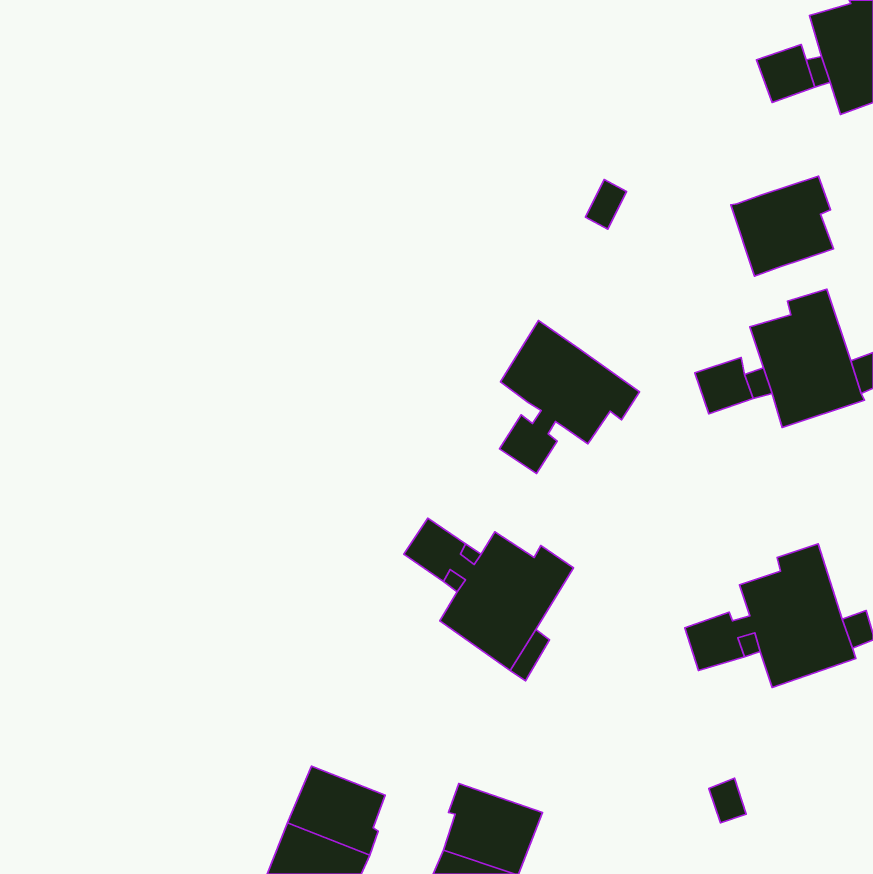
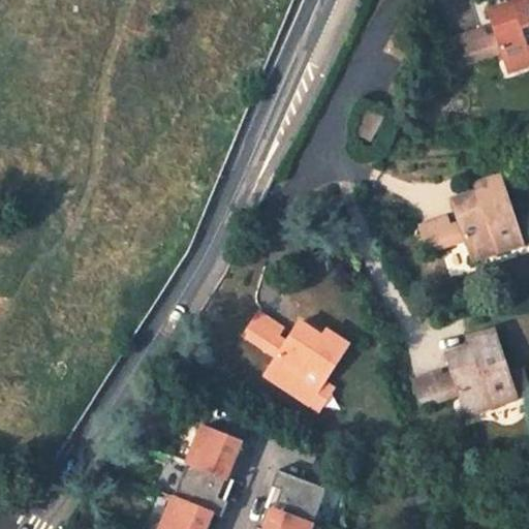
building: [731,176,833,276] -> none
building: [500,320,639,473] -> none
building: none -> [188,427,250,480]

